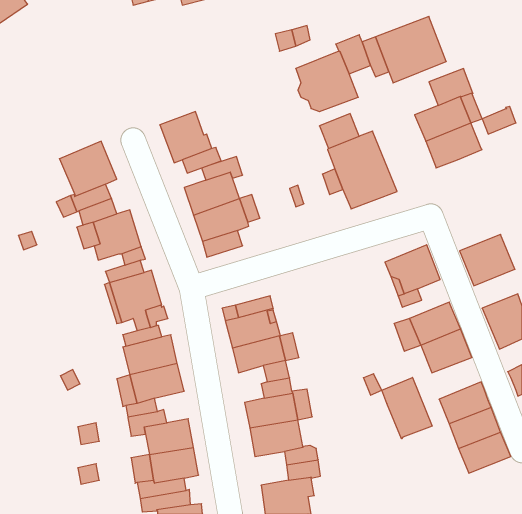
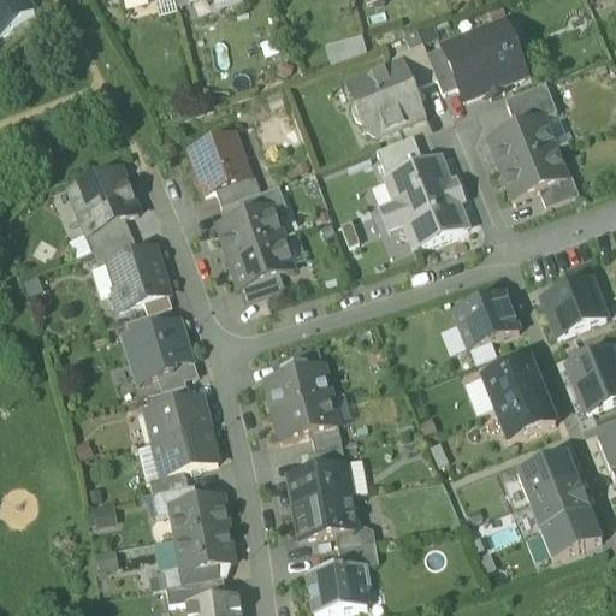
building: [482,106,516,134] -> [538,173,578,206]
building: [382,377,432,439] -> none

